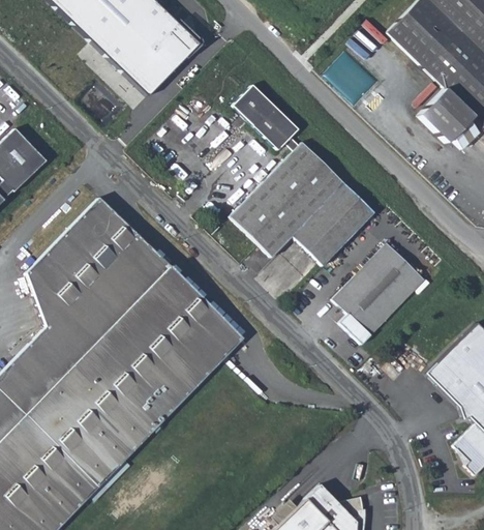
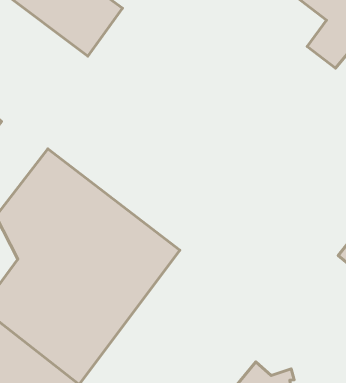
building: [231,86,374,267] -> none
building: [334,244,425,345] -> none

